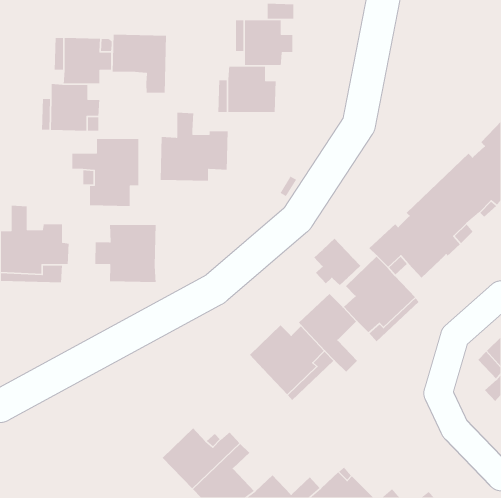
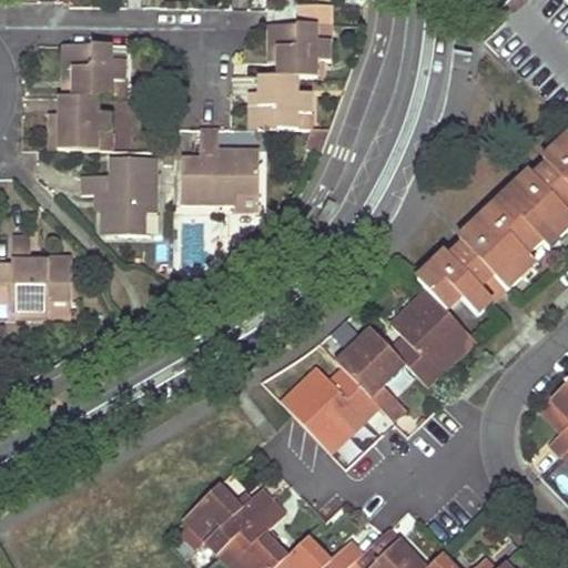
building: [112,34,167,94] -> none
building: [94,224,156,283] -> none
building: [313,238,361,286] -> none

